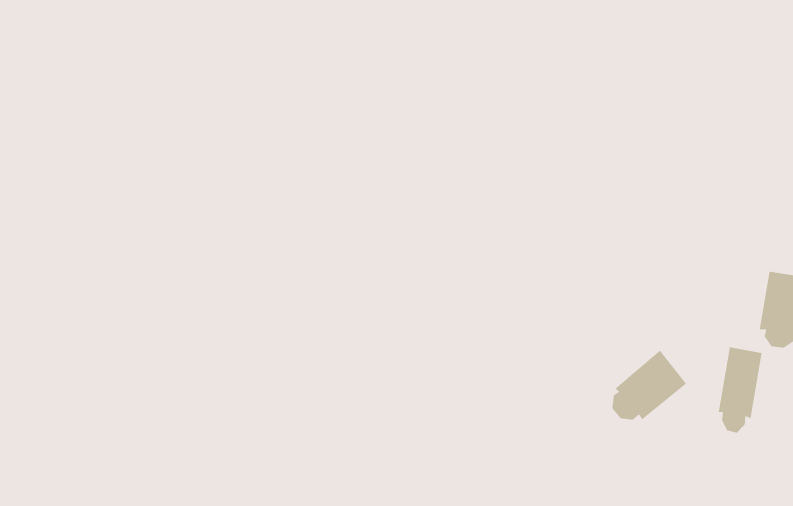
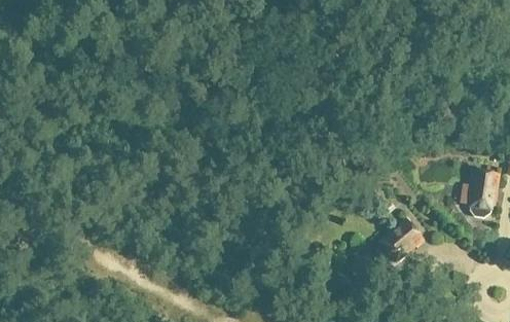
building: [718,346,762,433] -> none

